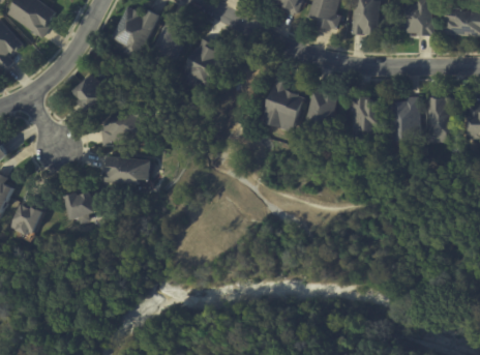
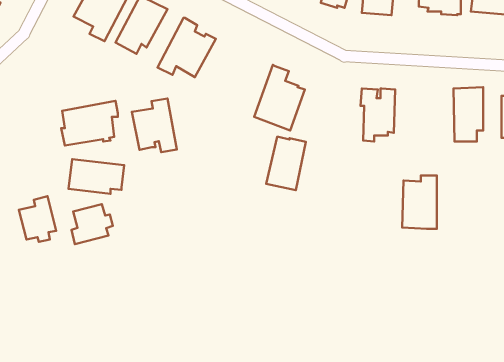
building: [72,73,110,113] -> none
building: [304,91,337,136] -> [266,137,306,190]
building: [390,96,419,141] -> [402,175,437,229]
building: none -> [132,98,177,152]
building: none -> [72,204,113,244]

